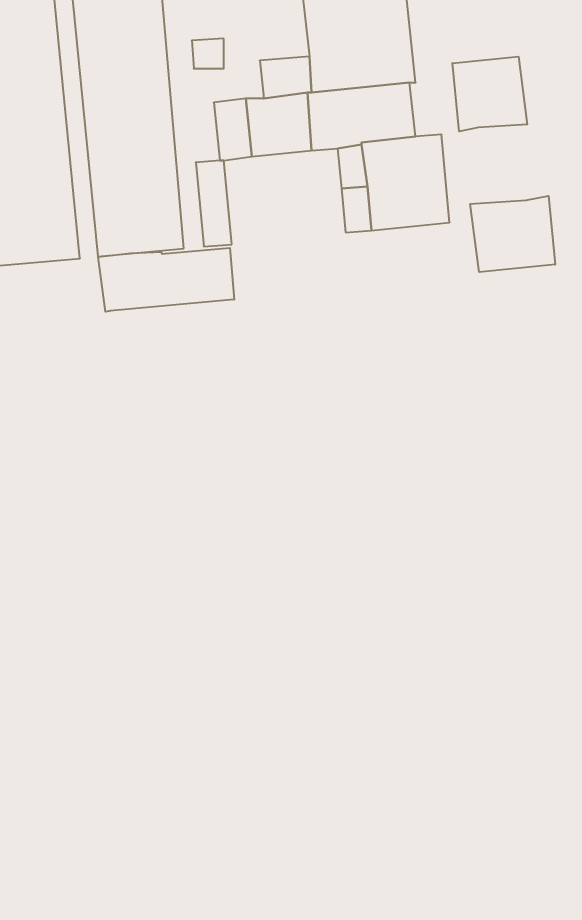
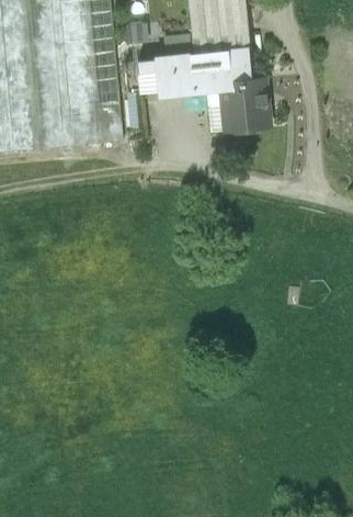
building: [452,57,527,131] -> none
building: [470,196,555,272] -> none
building: [98,248,234,312] -> none

